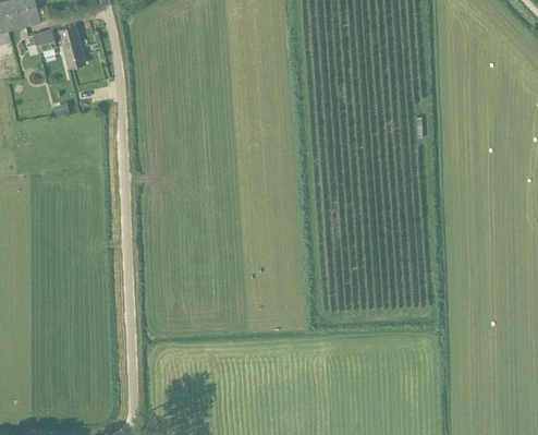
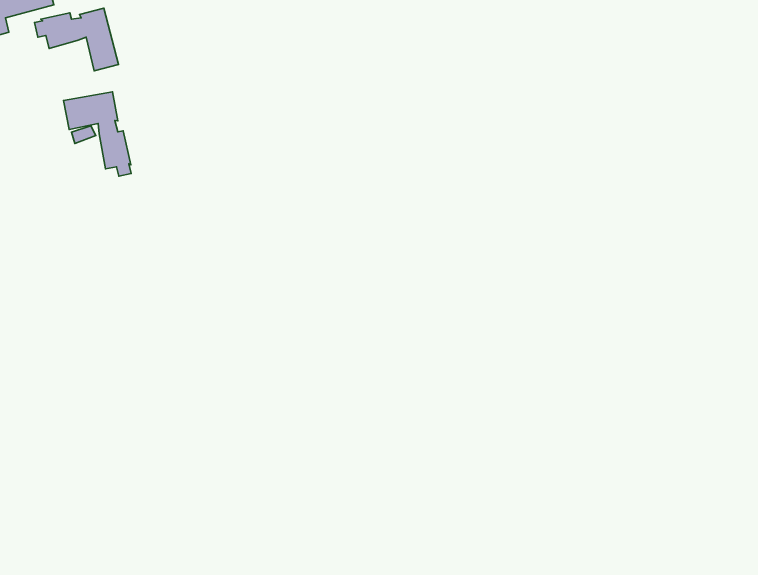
building: none -> [64,92,131,176]

